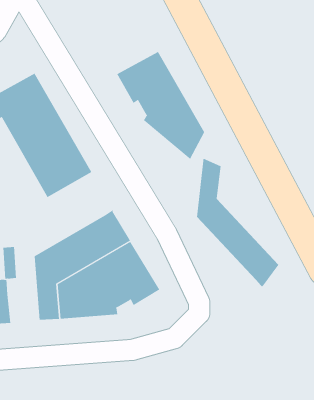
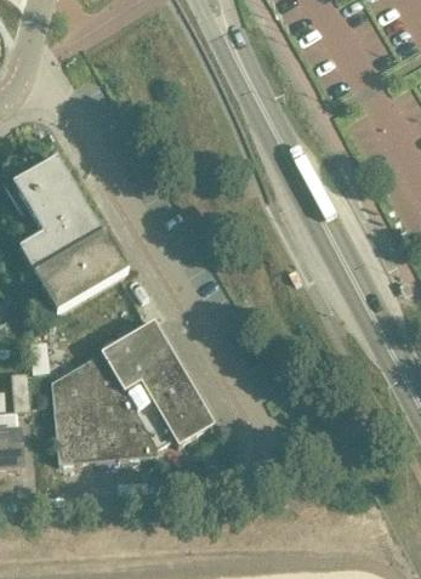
building: [117,51,205,160] -> none
building: [196,158,280,289] -> none

